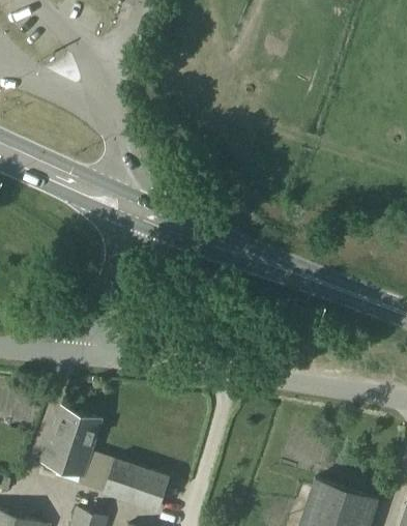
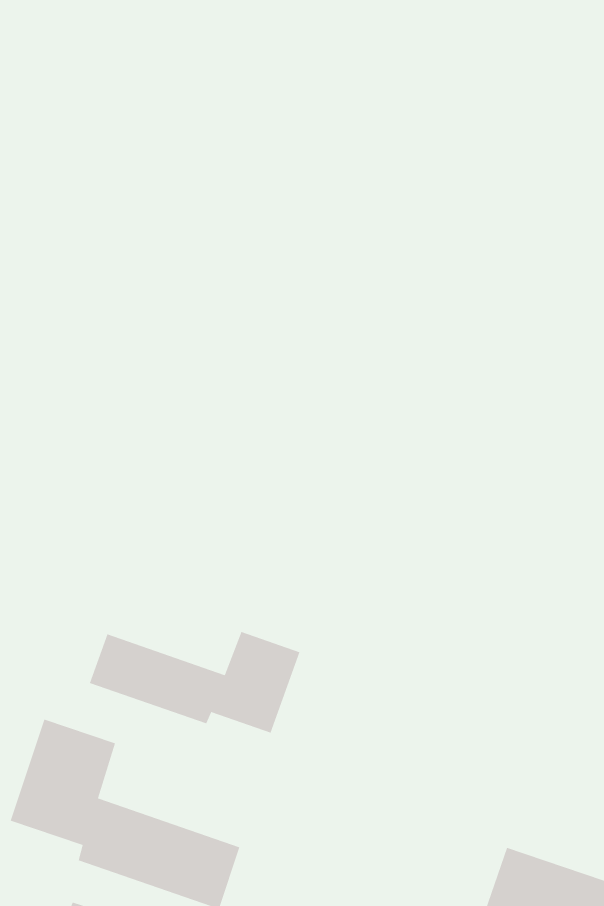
building: none -> [89,631,300,734]

